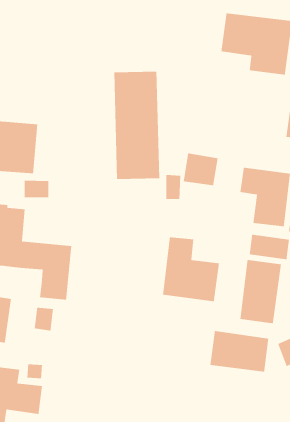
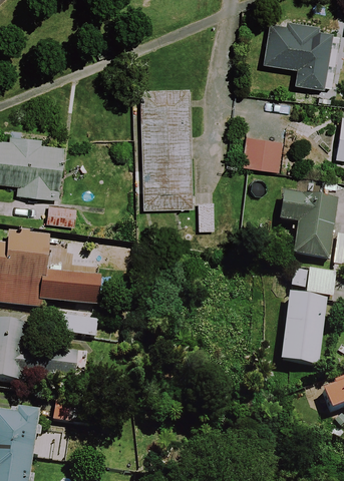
building: [183,152,218,186] -> [242,135,281,172]
building: [162,236,220,302] -> none
building: [209,330,269,373] -> none

